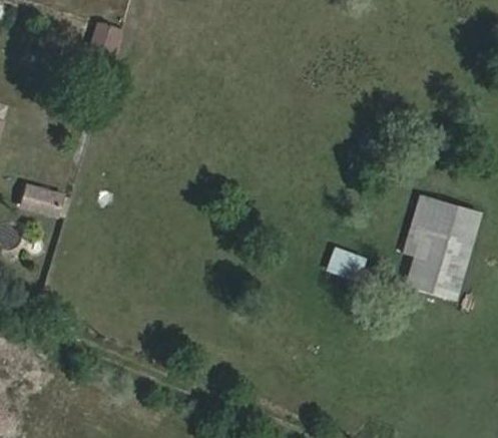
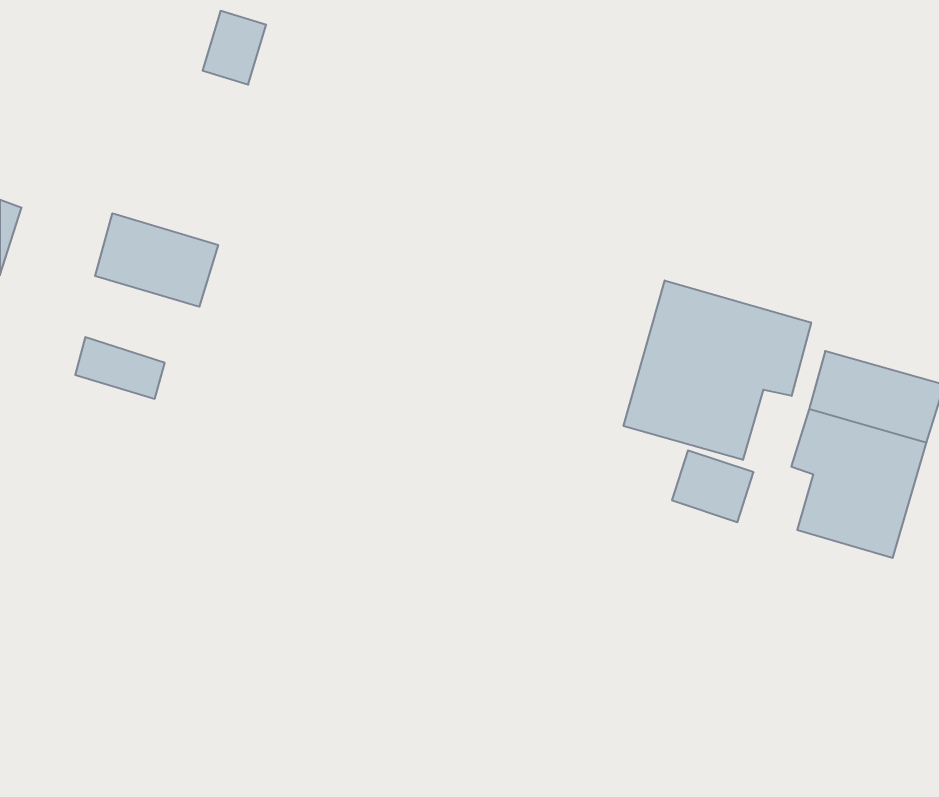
building: none -> [95,213,218,307]
building: none -> [624,280,811,460]

